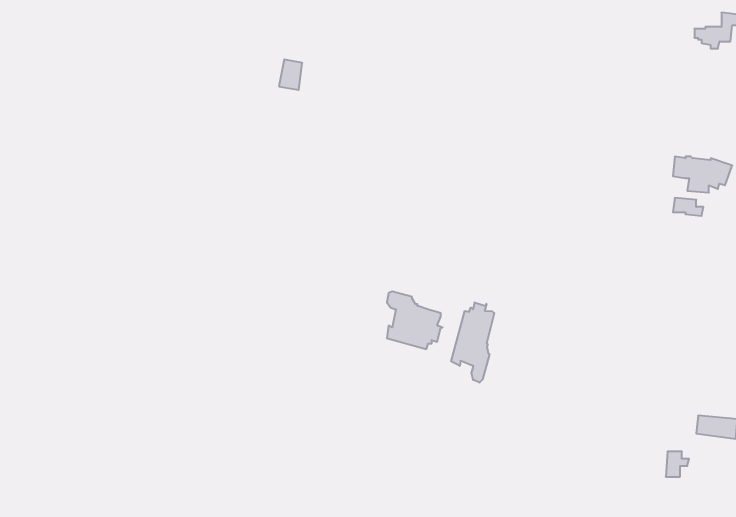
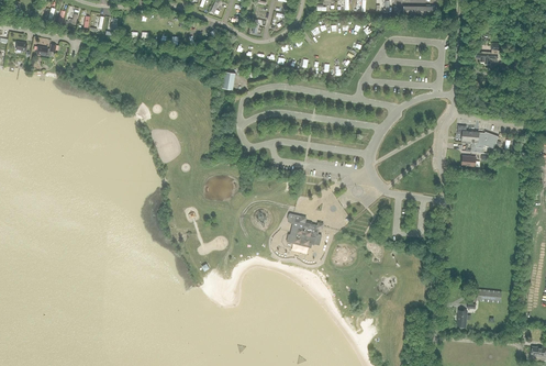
building: [451,302,494,383] -> none

